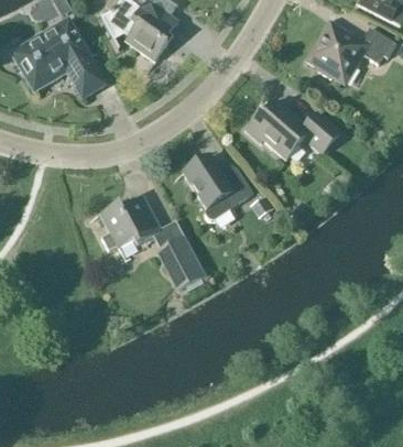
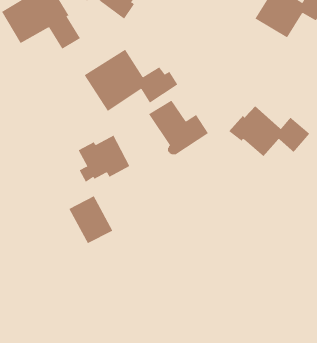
building: none -> [84,49,178,112]
building: [244,98,339,157] -> [228,106,310,157]
building: [154,235,206,291] -> [69,196,113,244]

